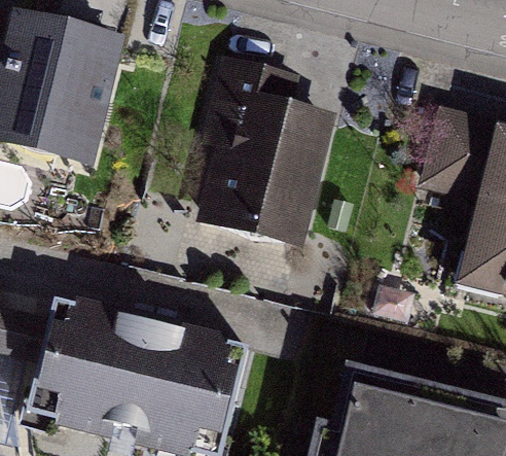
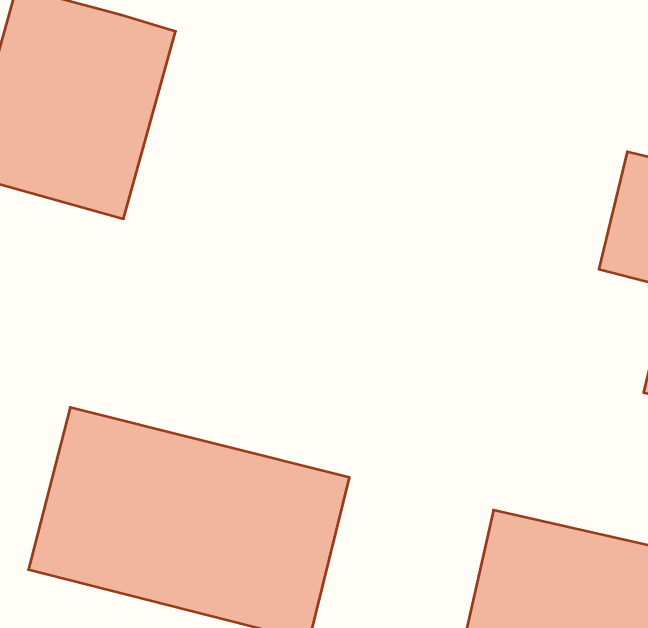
building: [204,91,333,241] -> none

